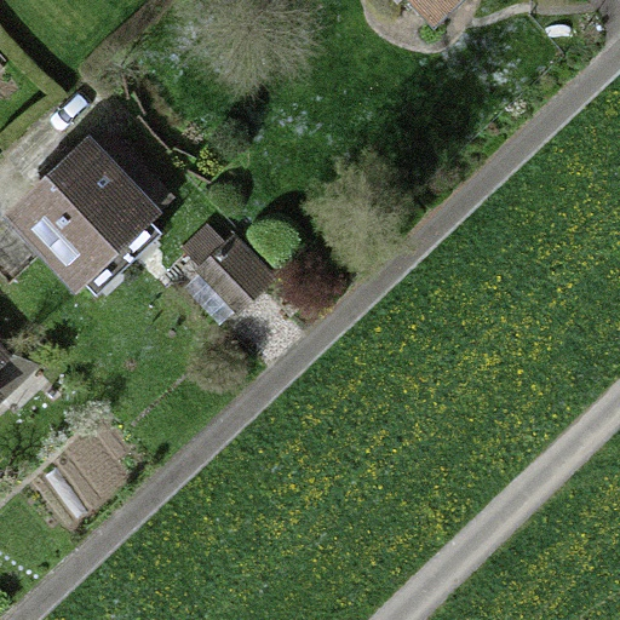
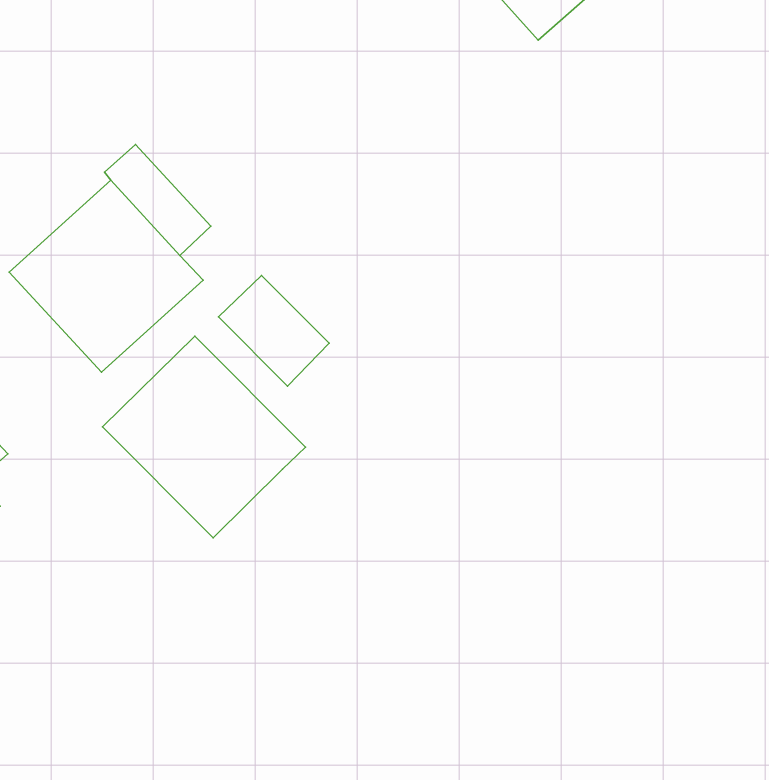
building: none -> [102,336,306,538]

